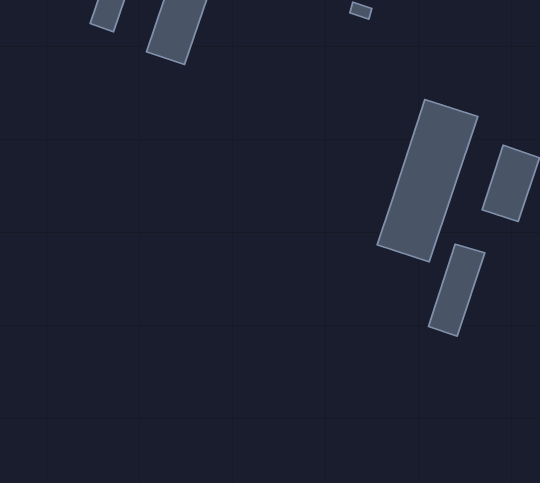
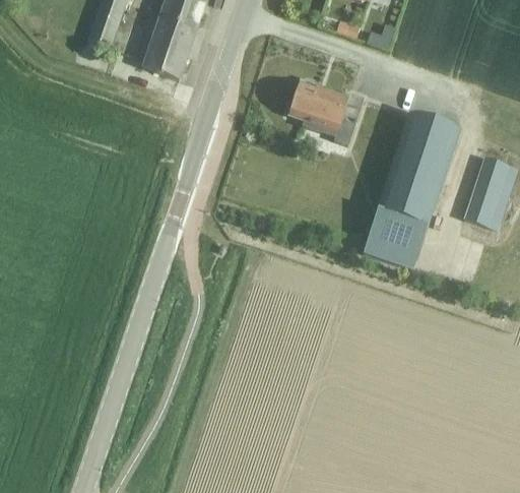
building: none -> [287,78,364,144]
building: [428,244,485,336] -> none

